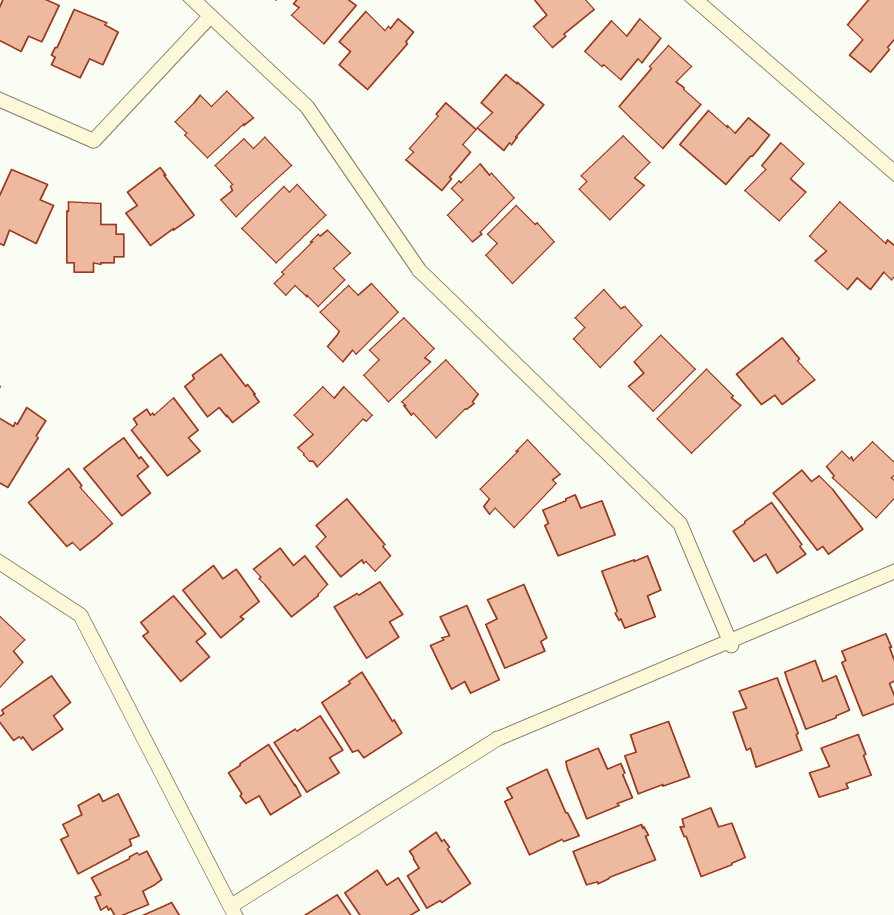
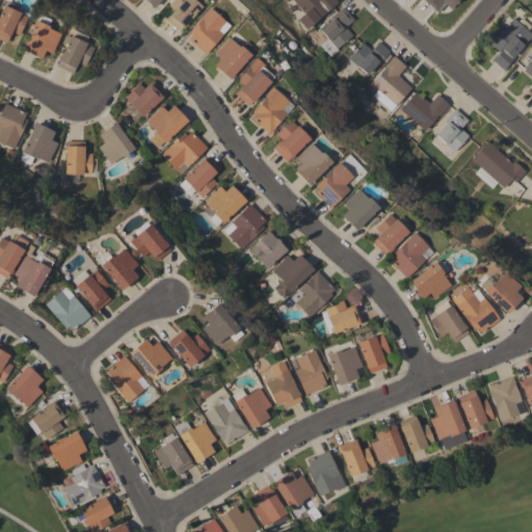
building: [477,74,544,151] -> [236,64,272,106]
building: [579,136,650,220] -> [316,162,354,208]
building: [737,338,815,405] -> [410,262,453,298]
building: [294,387,372,467] -> [272,255,315,298]
building: none -> [327,346,363,385]
building: [334,582,403,658] -> [235,388,272,429]
building: none -> [49,430,87,471]
building: [809,734,871,797] -> none
building: [680,808,745,876] -> [399,416,434,453]
building: none -> [272,472,314,510]
building: [573,825,655,885] -> none

